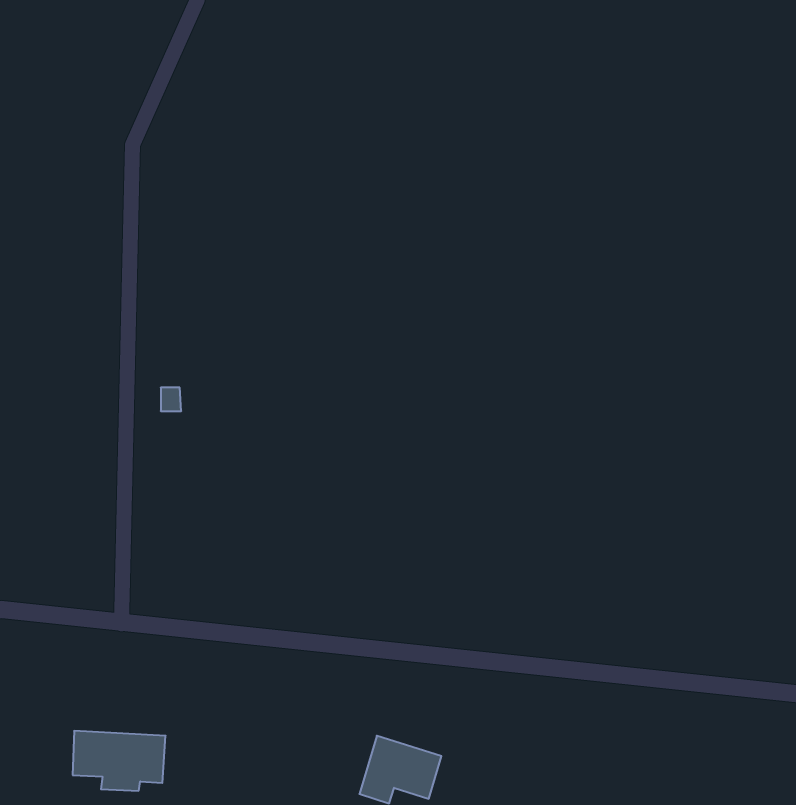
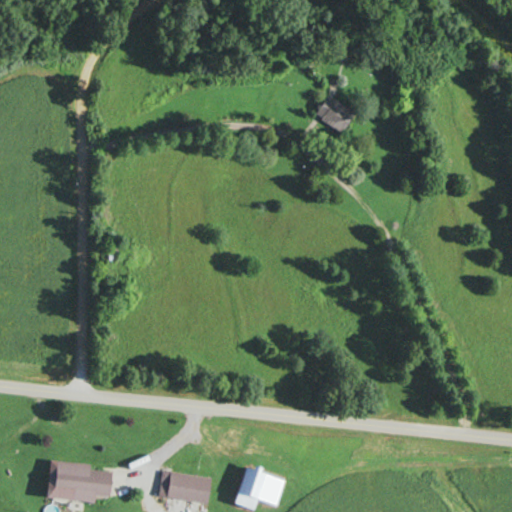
building: none -> [314,96,353,132]
building: none -> [166,471,214,505]

